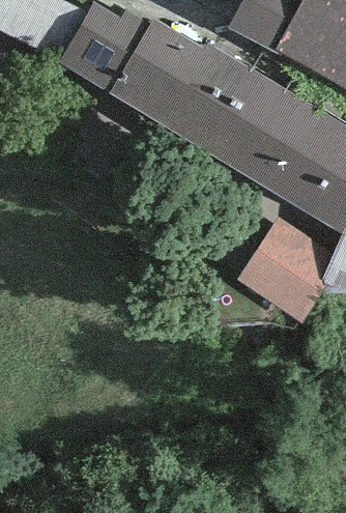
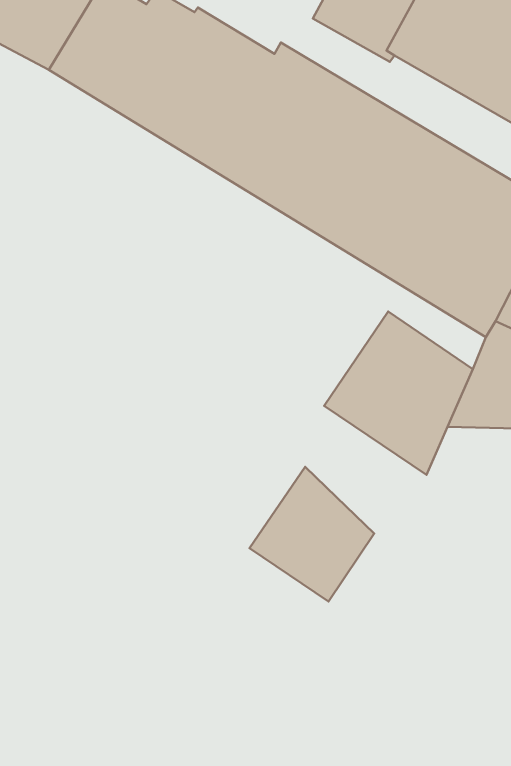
building: none -> [250,467,374,602]

